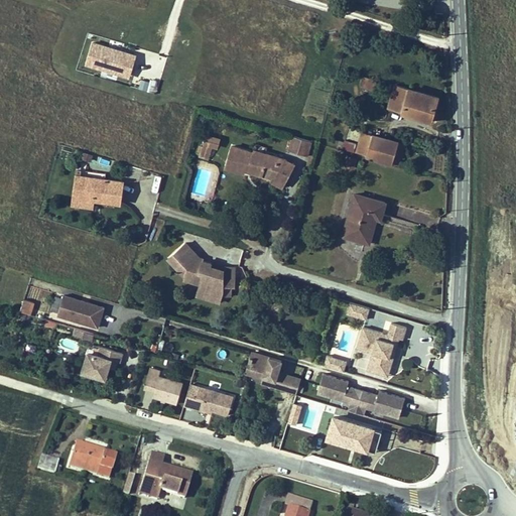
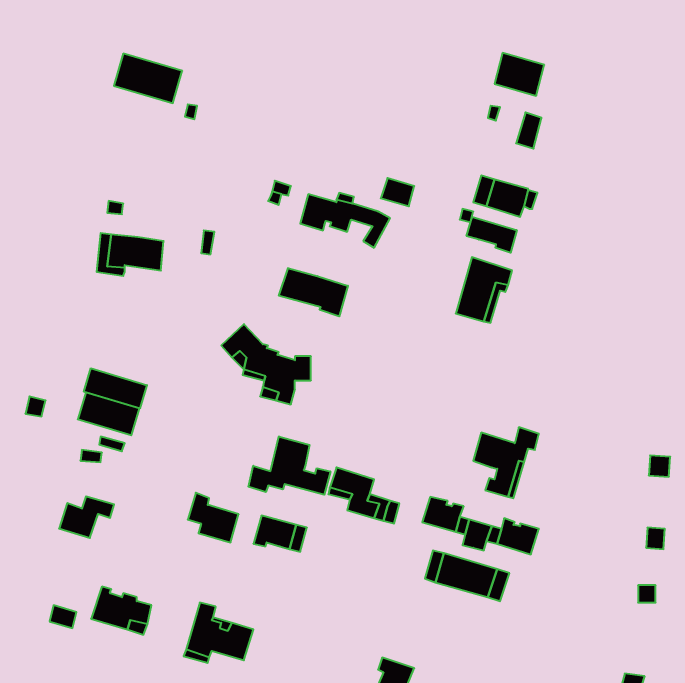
building: [401,90,438,122] -> [495,53,544,96]
building: none -> [467,217,517,253]
building: none -> [279,268,348,316]
building: none -> [84,368,147,409]
building: none -> [248,436,330,495]
building: [82,348,123,379] -> [59,496,114,538]

